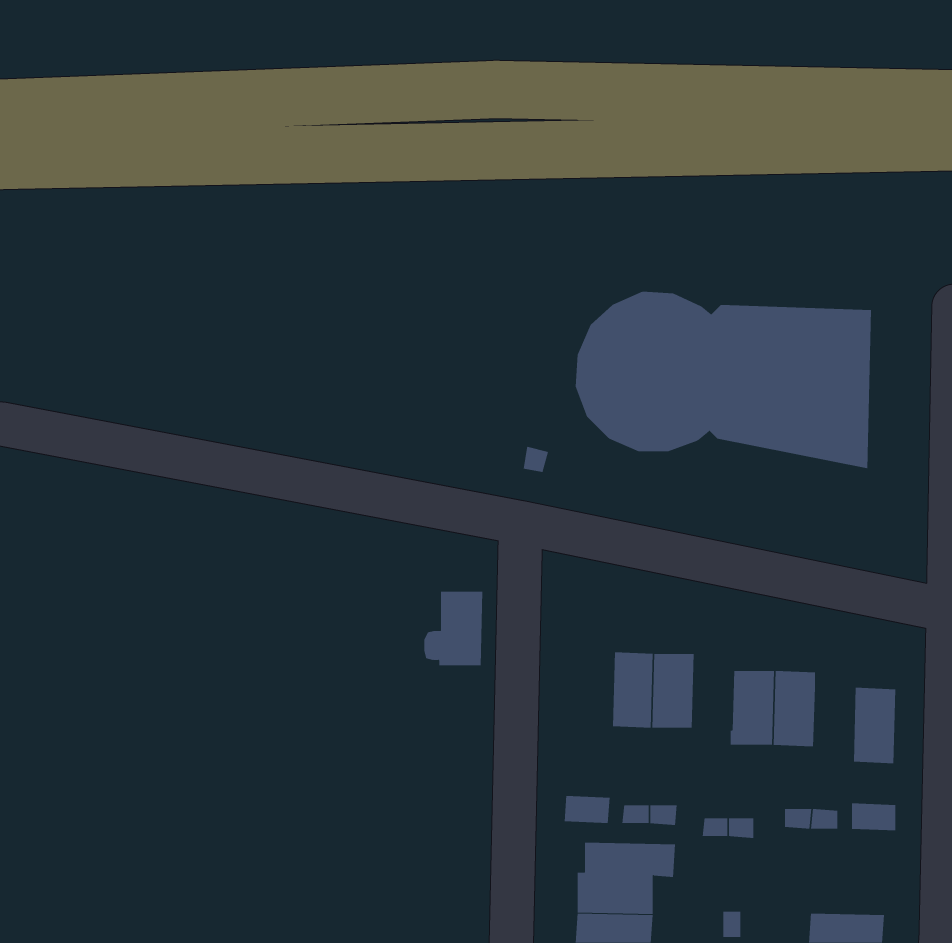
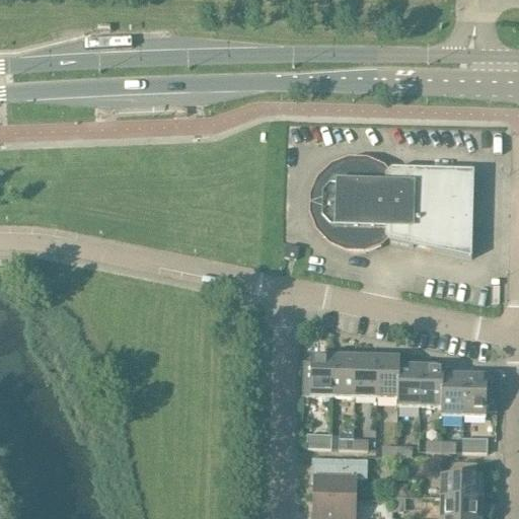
building: [424,591,483,666] -> [302,354,335,394]
building: none -> [377,355,400,396]
building: none -> [442,373,465,414]
building: none -> [441,460,483,497]

